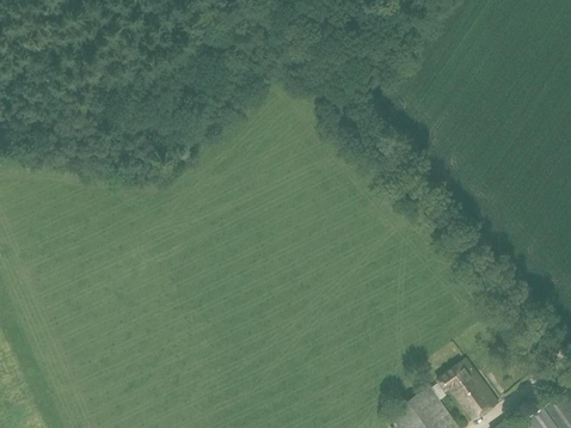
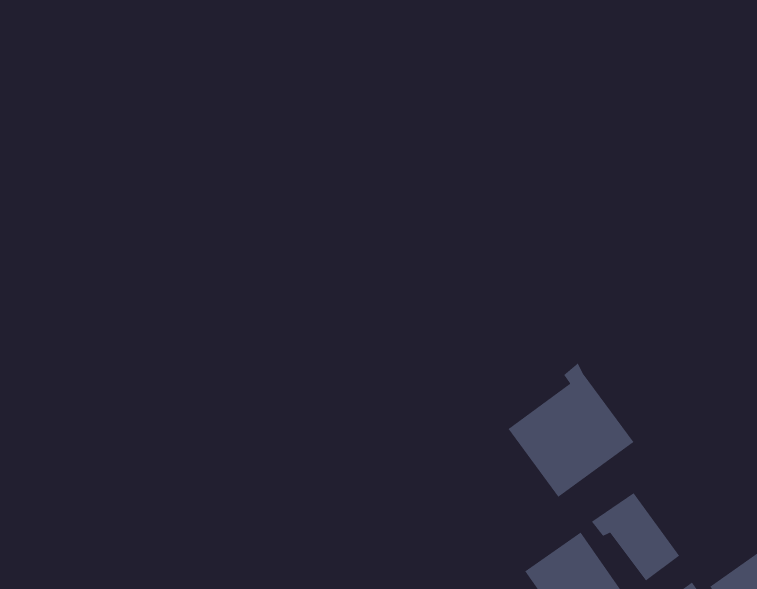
building: none -> [507,362,635,498]

